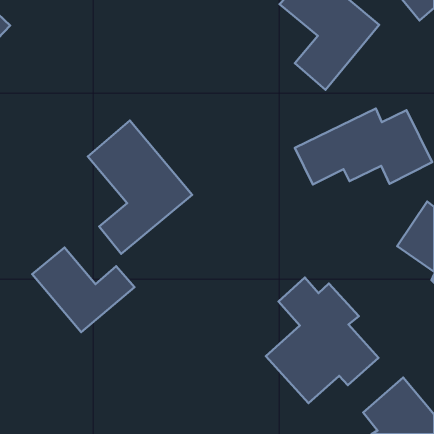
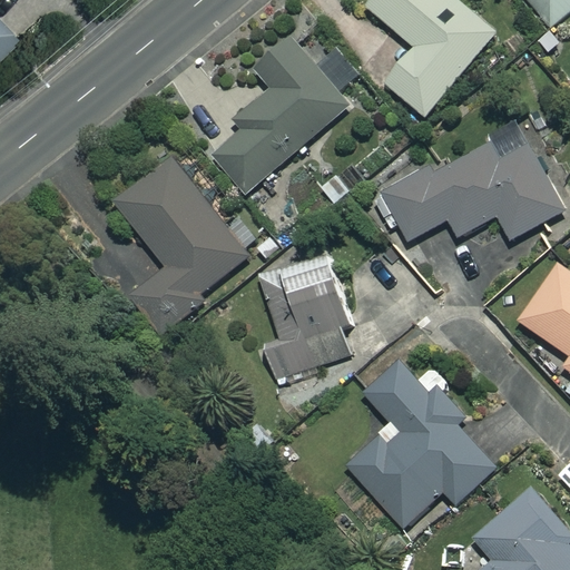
building: none -> [213,39,350,194]
building: none -> [259,253,356,384]
building: [32,248,134,332] -> none

